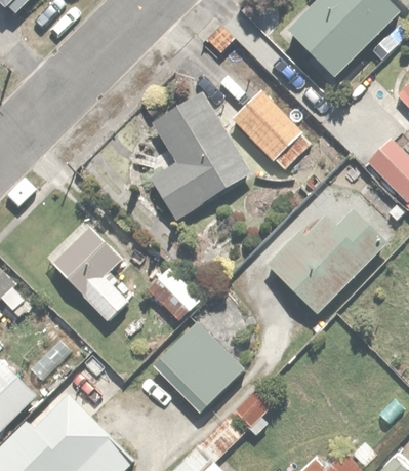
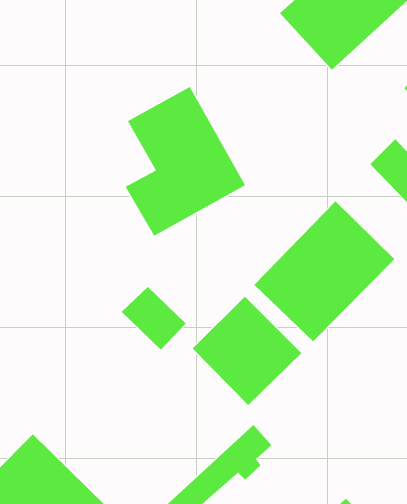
building: [231,87,315,171] -> none
building: [46,218,132,322] -> none
building: [151,319,247,416] -> [192,296,302,406]

